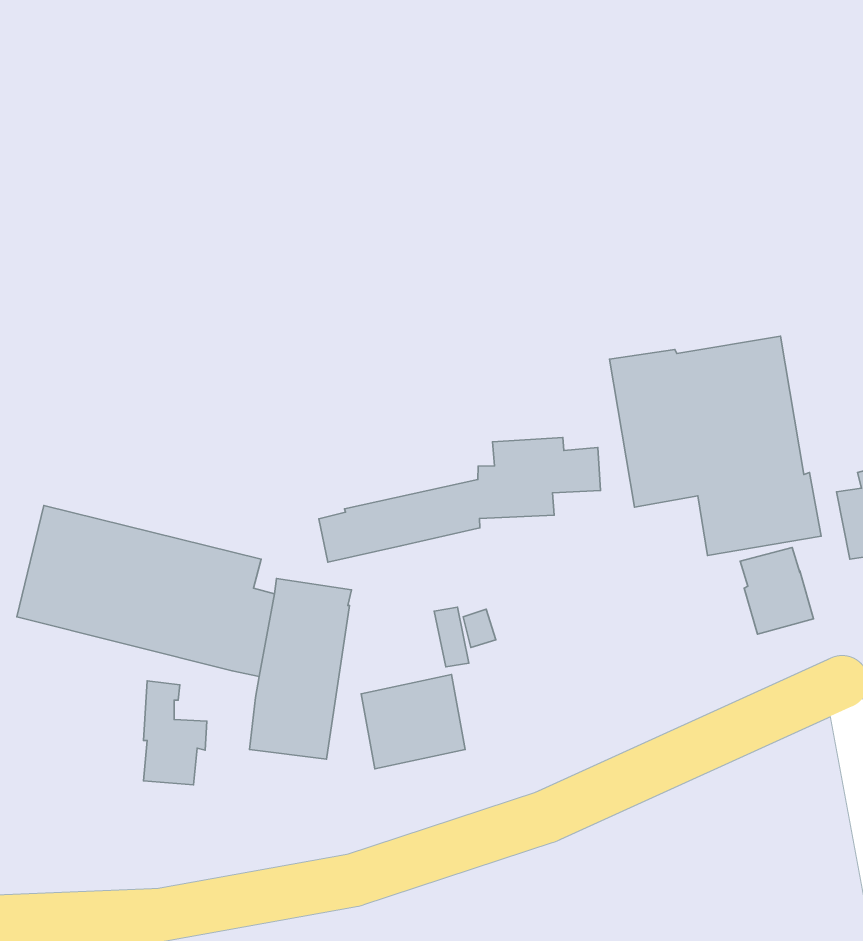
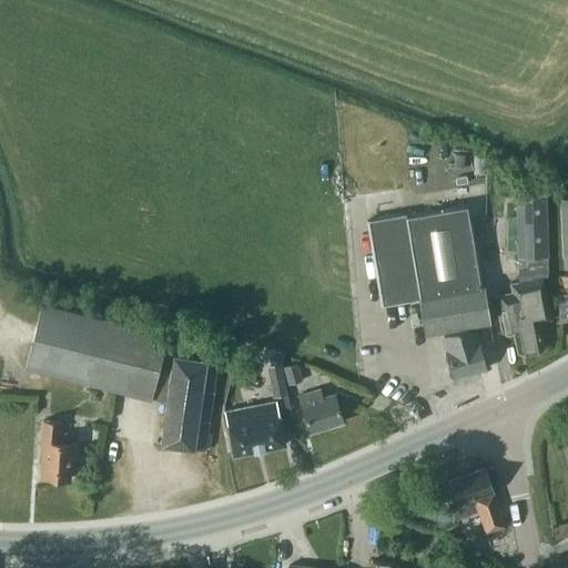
building: [319,437,601,562] -> none
building: none -> [298,390,344,434]
building: [143,681,207,785] -> [41,422,78,481]
building: none -> [443,469,507,549]

